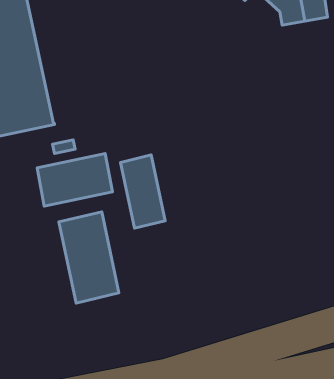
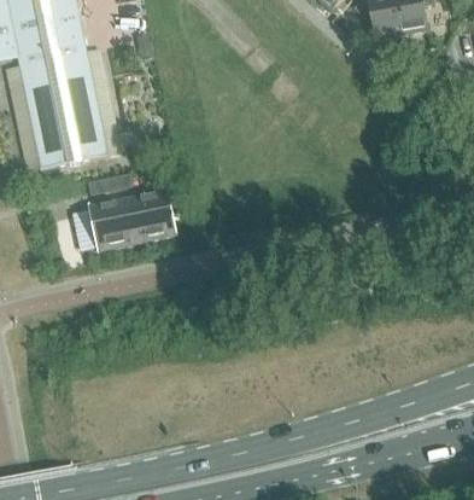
building: [121,155,165,228] -> none
building: [59,212,119,303] -> none

